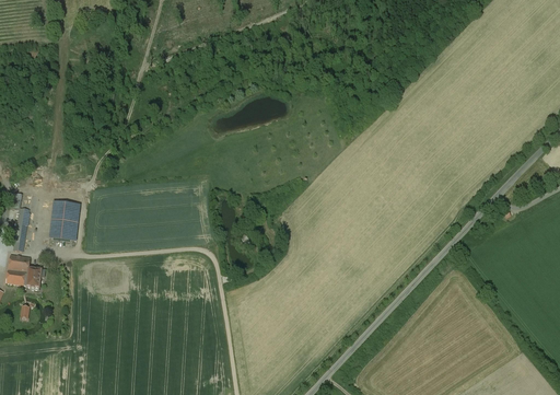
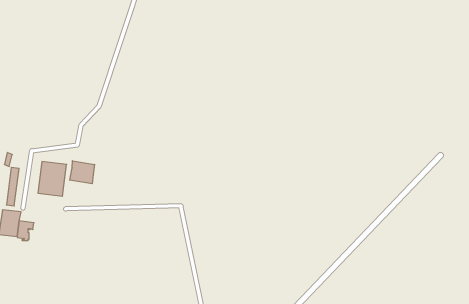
building: none -> [70,161,95,184]

